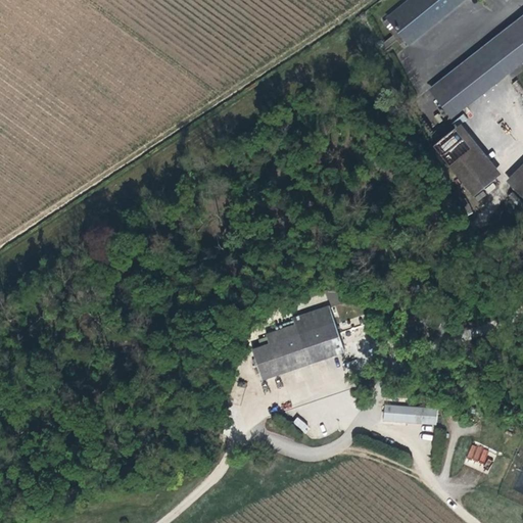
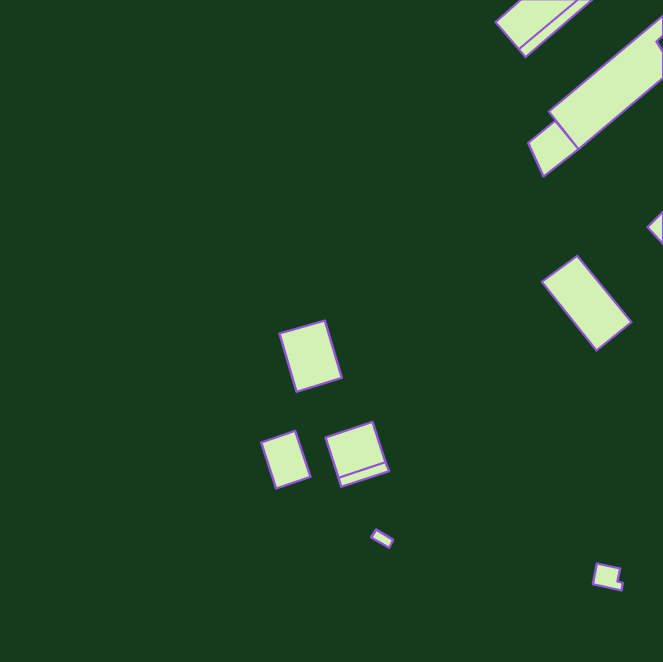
building: [430,123,501,197] -> [542,256,631,351]
building: [298,300,347,356] -> [280,321,342,392]
building: none -> [261,431,311,489]
building: [384,403,438,424] -> none

